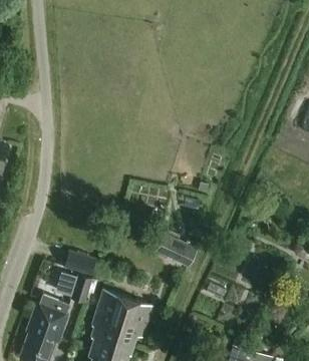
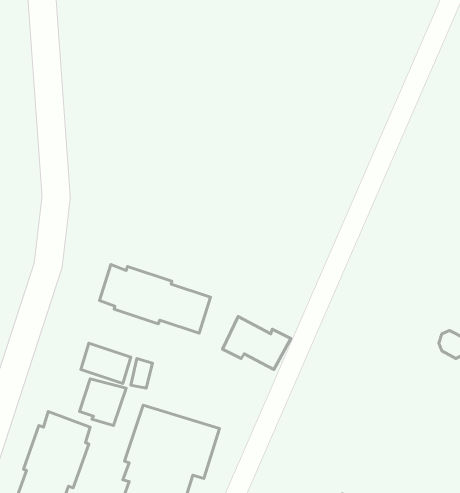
building: none -> [100,265,211,333]

